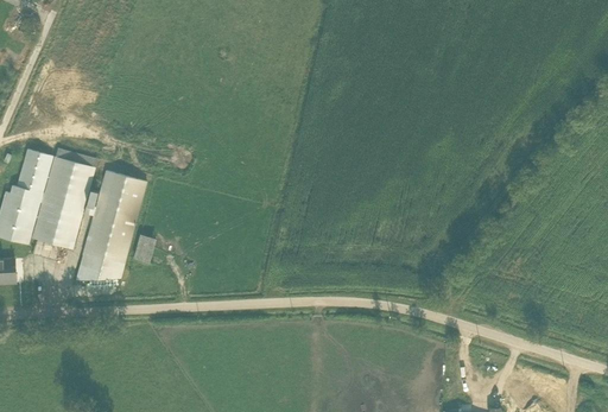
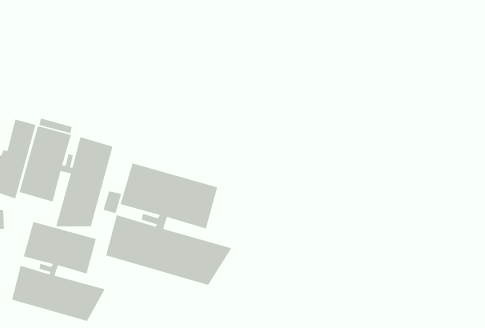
building: none -> [105,162,232,286]
building: none -> [11,221,106,322]

